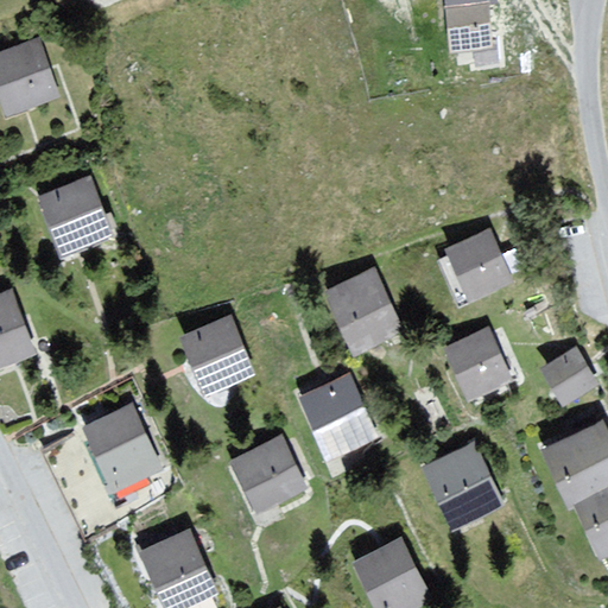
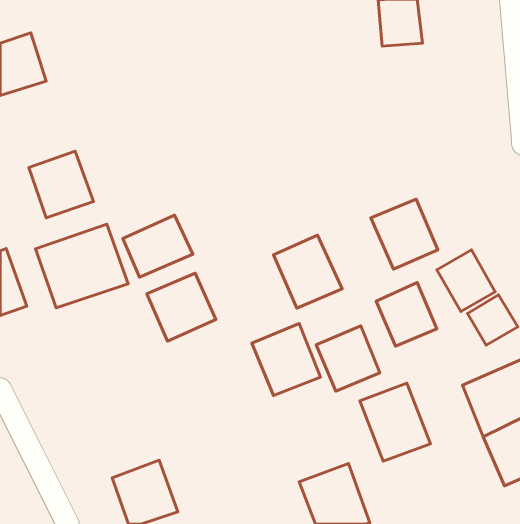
building: none -> [123,215,193,277]
building: none -> [36,224,128,308]
building: none -> [437,250,495,311]
building: none -> [316,326,380,391]
building: [83,408,162,498] -> none
building: [226,433,310,512] -> none

